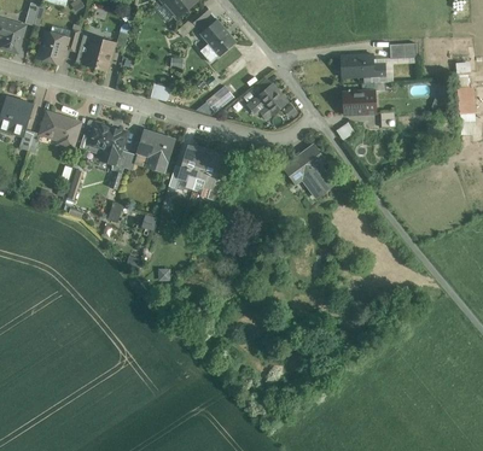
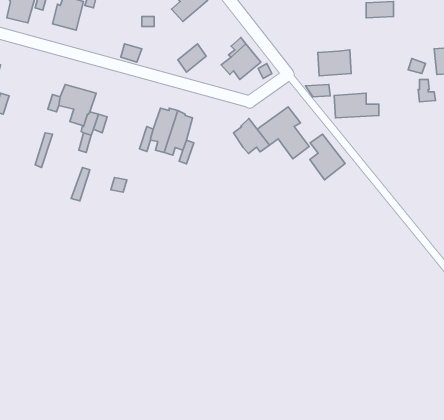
building: [341,53,384,77] -> [334,93,379,118]
building: [41,112,78,147] -> none
building: [136,130,174,171] -> none
building: none -> [233,119,269,153]
building: none -> [310,134,345,180]

